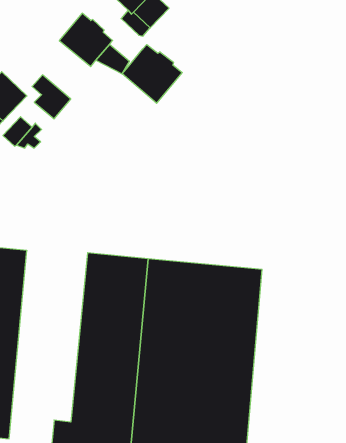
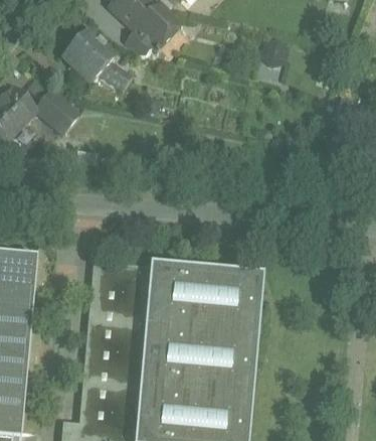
building: [122,45,182,103] -> none

